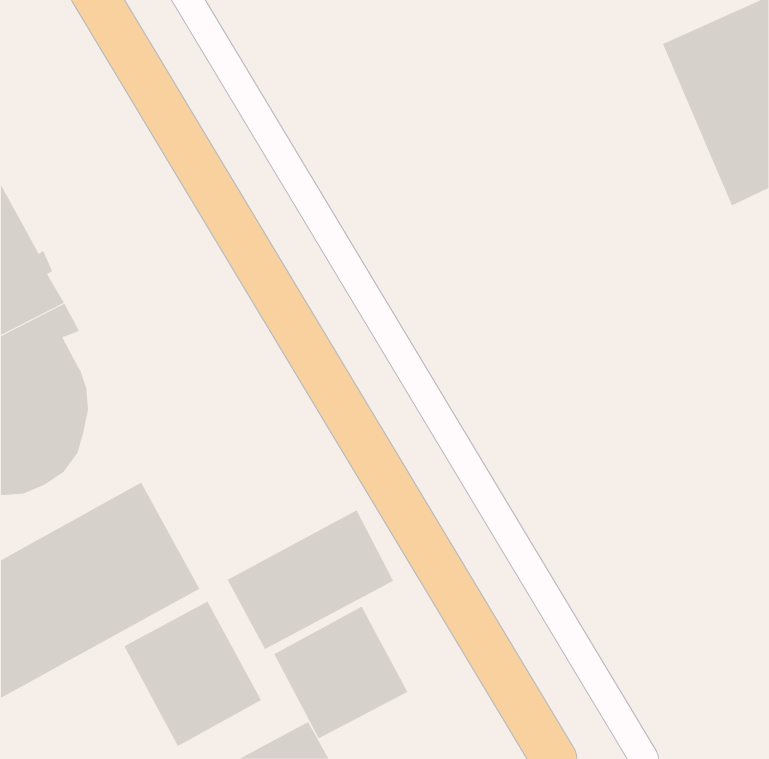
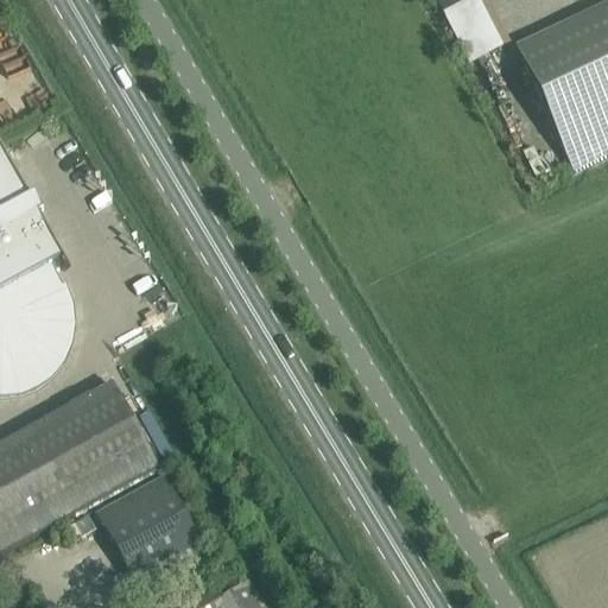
building: [227,509,394,650] -> none
building: [273,606,408,739] -> none

